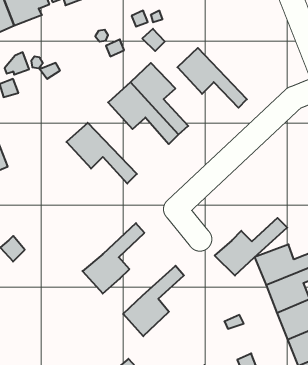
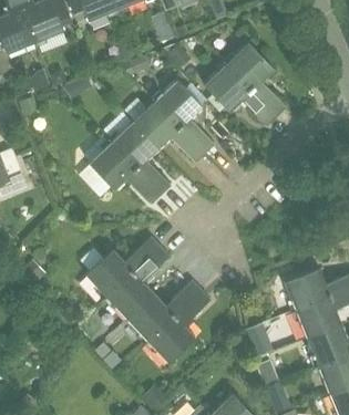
building: none -> [224,43,285,118]
building: none -> [110,122,171,196]
building: none -> [84,237,160,297]
building: [215,218,287,276] -> [125,281,201,341]

